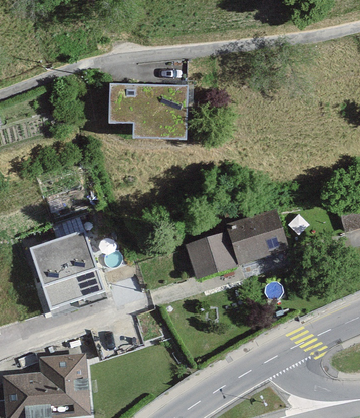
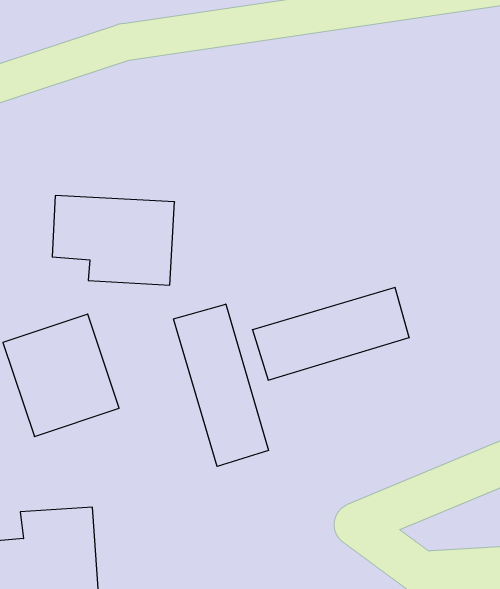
building: [104,80,183,138] -> [52,196,175,285]
building: none -> [173,304,269,466]

